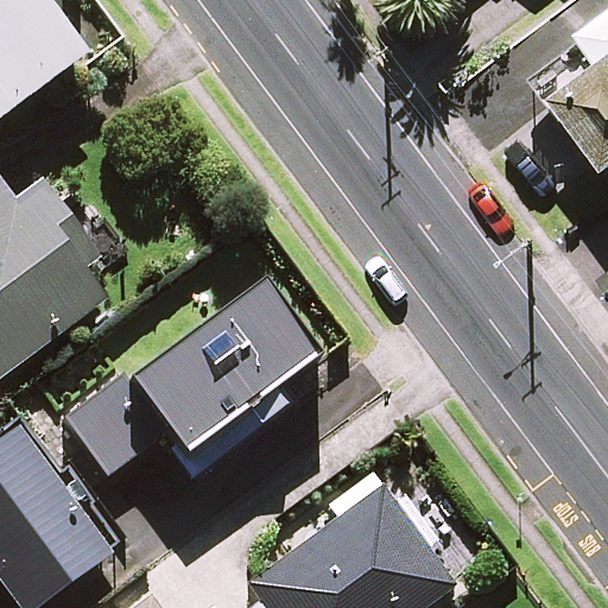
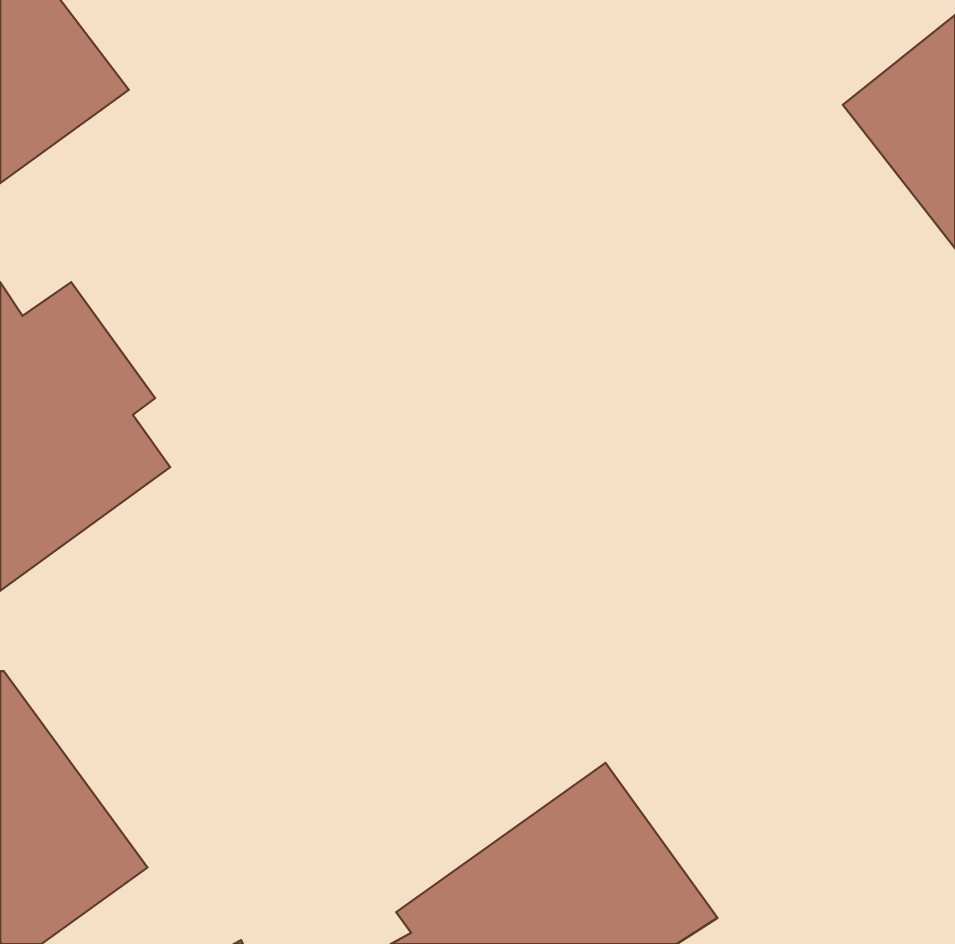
building: [65,284,316,473] -> none

